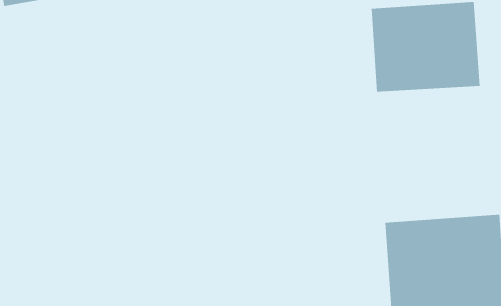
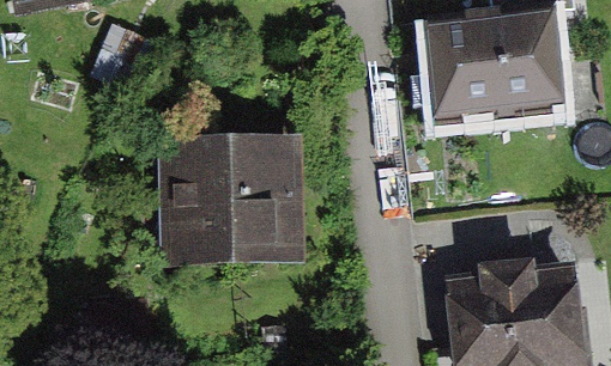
building: none -> [162,138,300,257]

